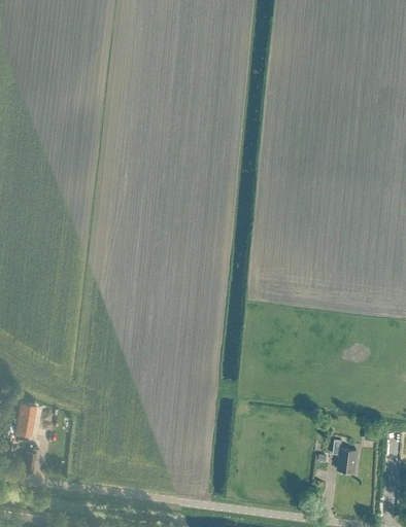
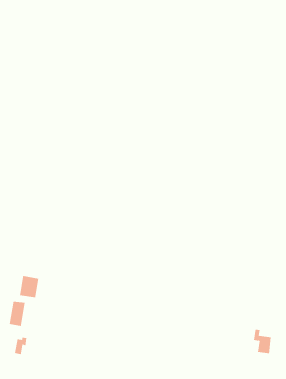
building: none -> [19,275,39,298]

